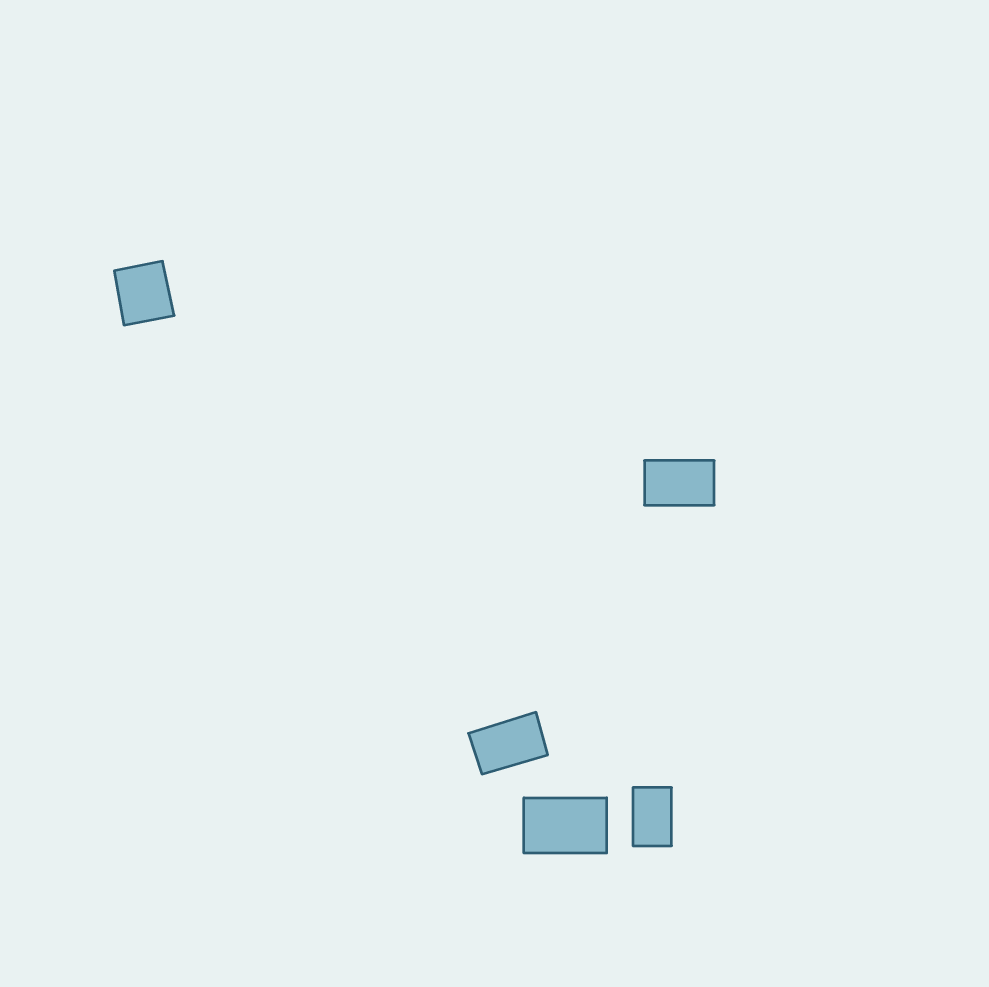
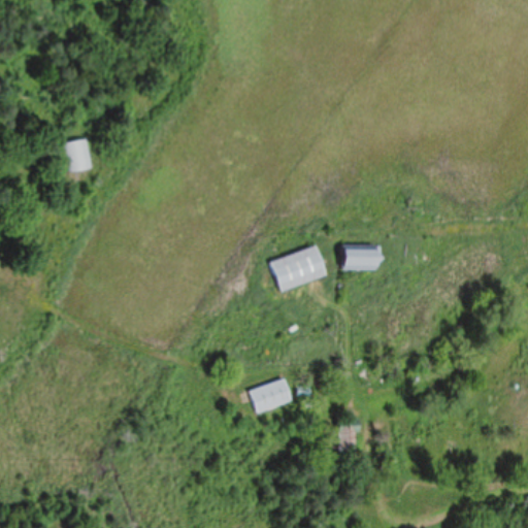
building: none -> [271,246,327,291]
building: [524,798,607,853] -> none

